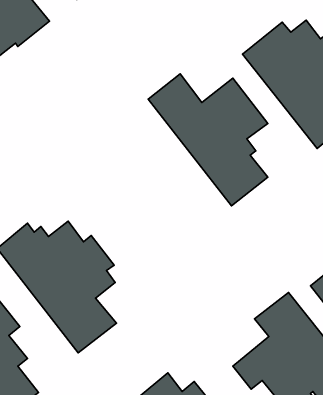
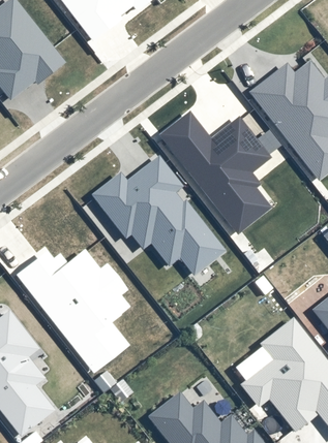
building: none -> [90,155,226,275]

